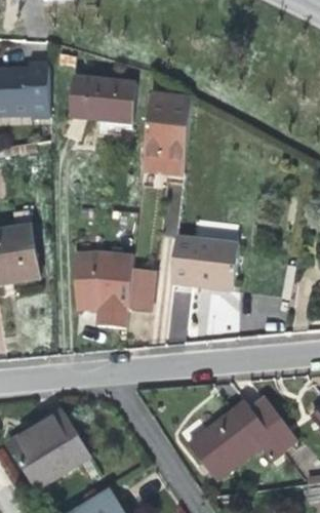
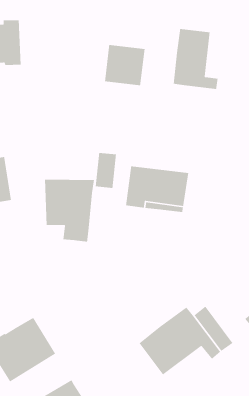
building: [69,73,136,124] -> none
building: none -> [173,28,219,90]
building: [144,136,190,169] -> none
building: [129,267,155,310] -> [95,152,117,189]

